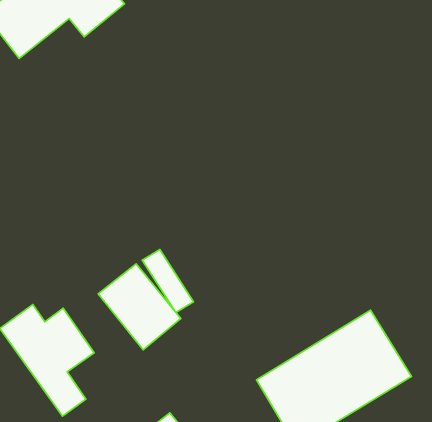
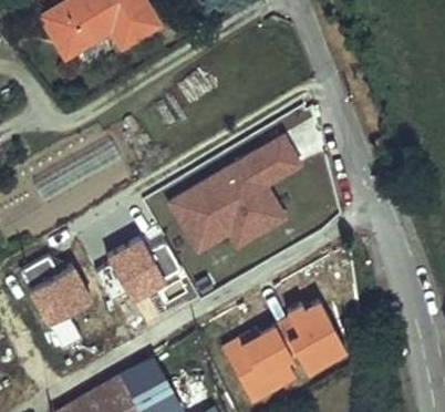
building: none -> [163,134,302,256]

